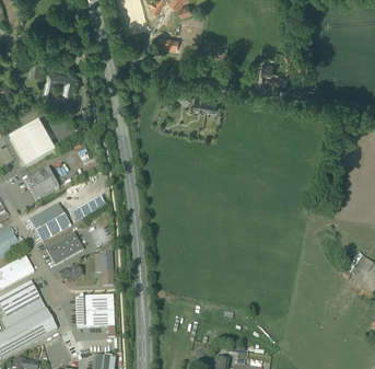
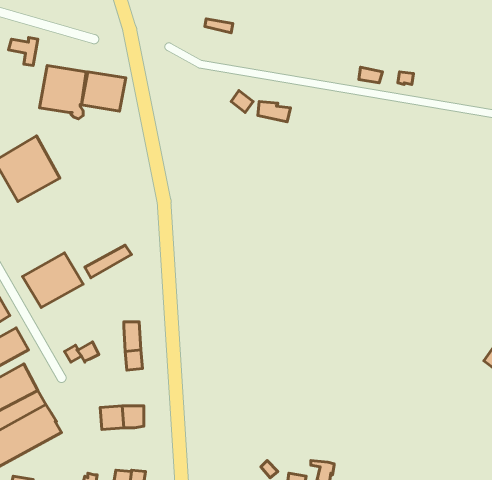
building: none -> [82,72,126,111]
building: [24,166,59,199] -> none
building: [45,232,83,265] -> none
building: [82,293,114,311] -> none

